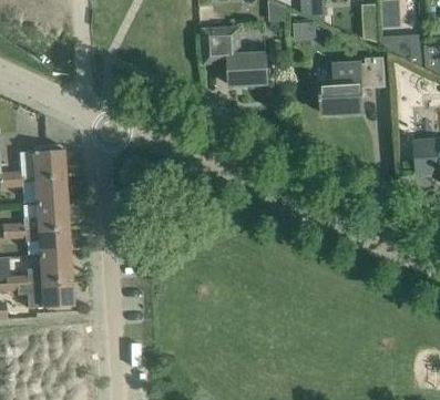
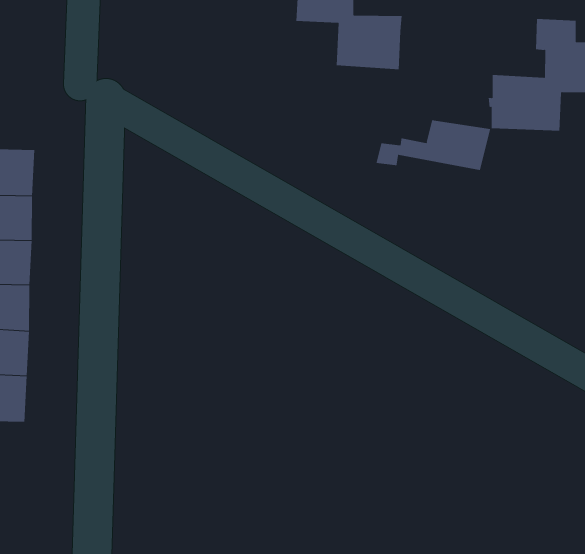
building: none -> [376,120,491,171]

